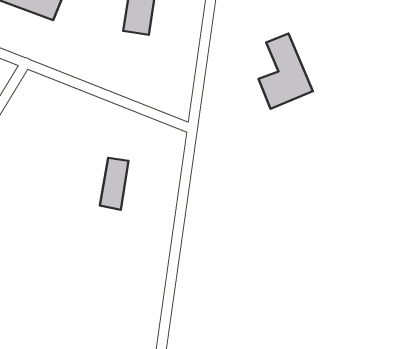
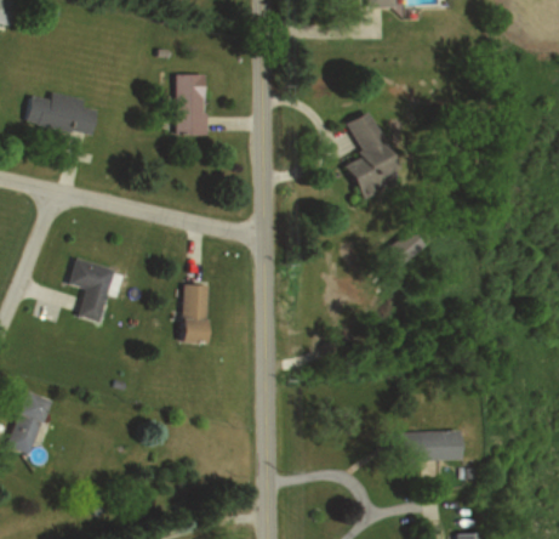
building: none -> [69,259,113,323]
building: none -> [400,431,460,459]

